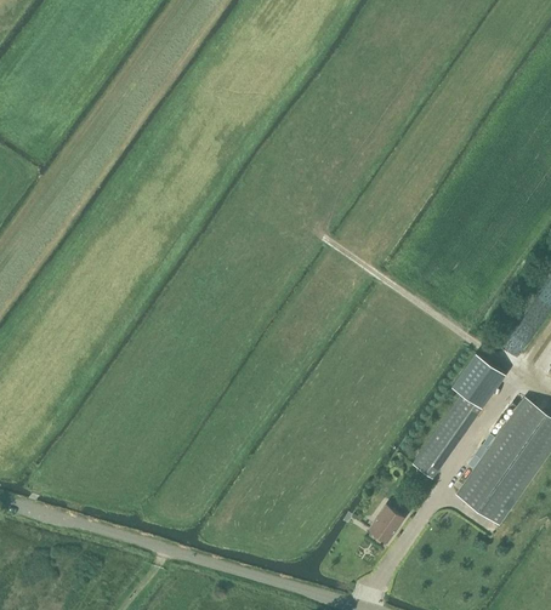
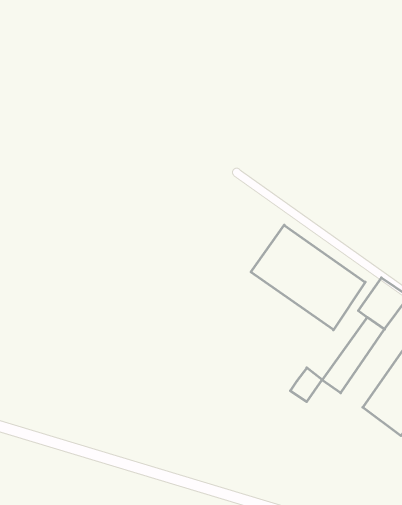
building: none -> [251,225,365,330]
building: [367,504,402,542] -> [290,368,322,402]

